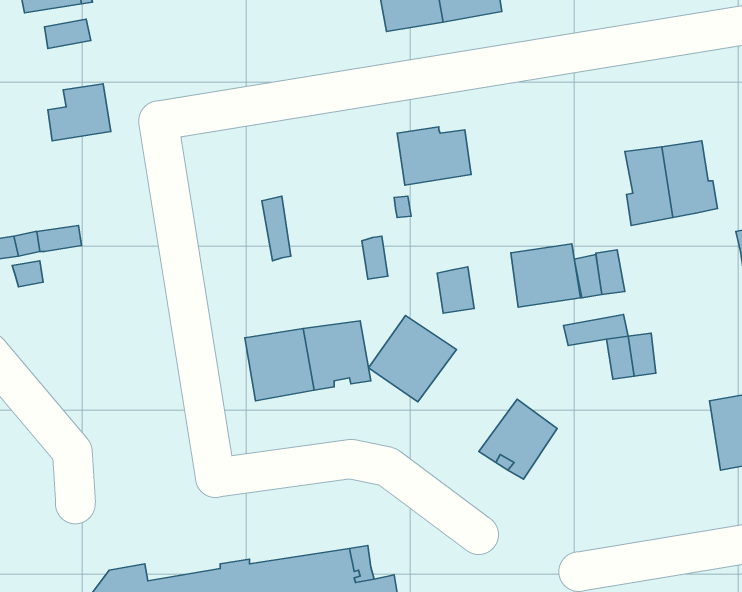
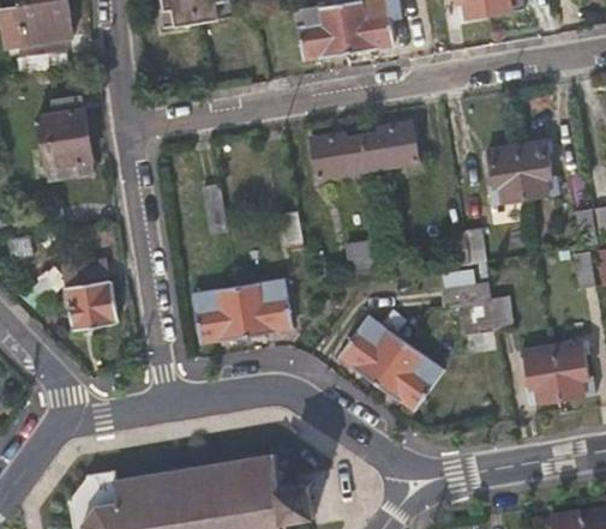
building: none -> [364,120,420,168]
building: none -> [42,134,95,181]
building: [511,244,580,307] -> none
building: none -> [64,258,120,330]
building: [369,316,456,402] -> [336,317,404,384]
building: none -> [522,344,563,404]

